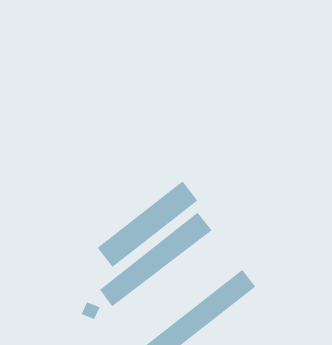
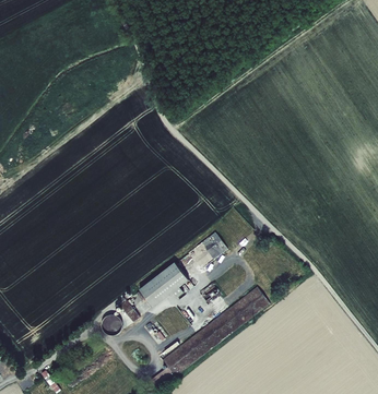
building: [97,181,198,268] -> none

